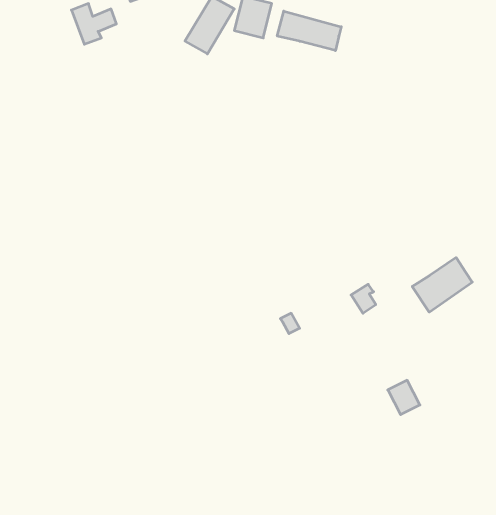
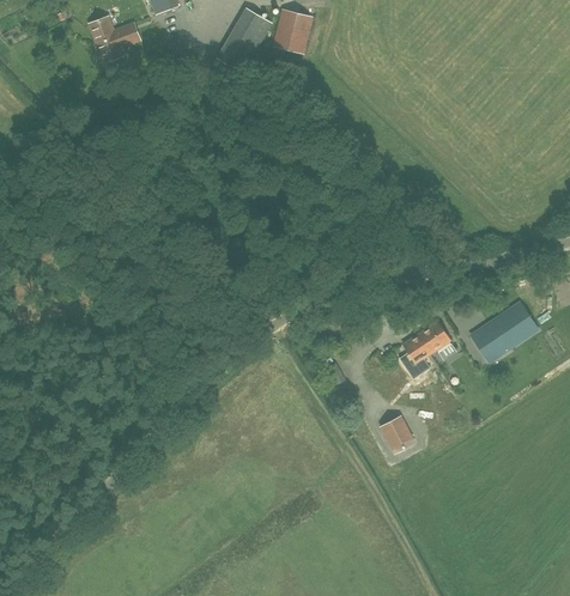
building: [277,11,341,51] -> none
building: none -> [420,320,456,360]
building: [388,380,420,415] -> [378,415,414,454]

